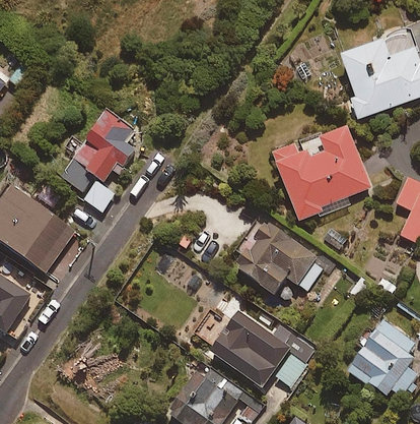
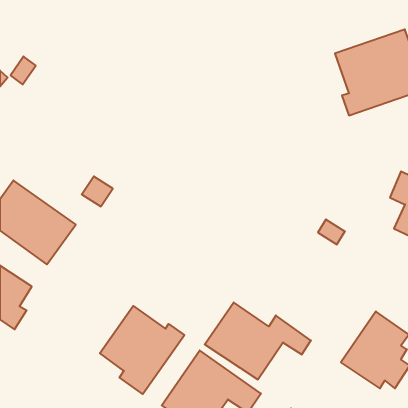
building: [61,110,134,192] -> none
building: [270,125,370,223] -> none
building: [230,221,325,295] -> none
building: none -> [100,306,184,394]

